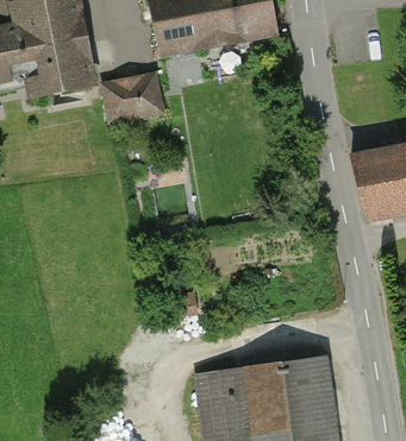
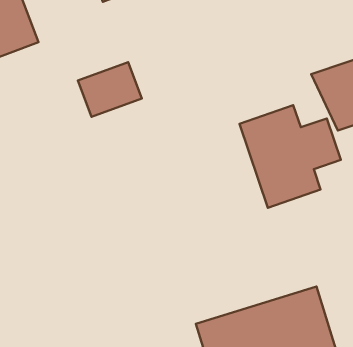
building: [104,73,162,119] -> [78,62,142,117]
building: none -> [239,105,341,208]

